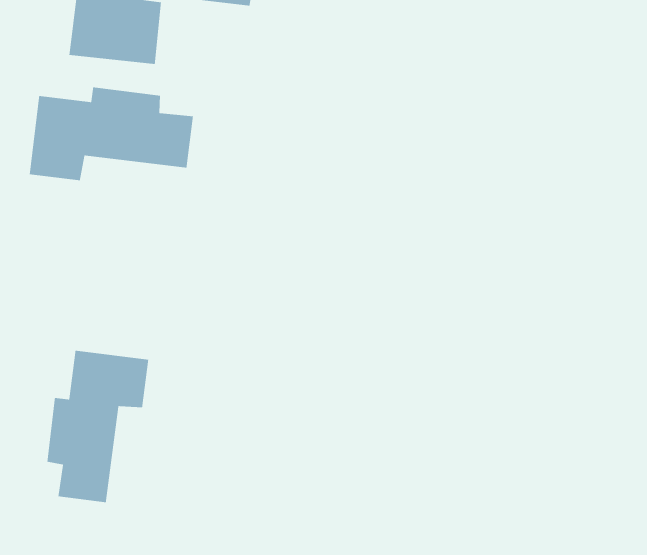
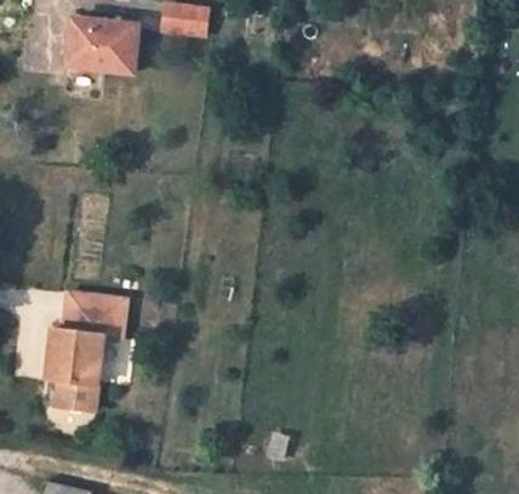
building: [29,86,194,181] -> none

